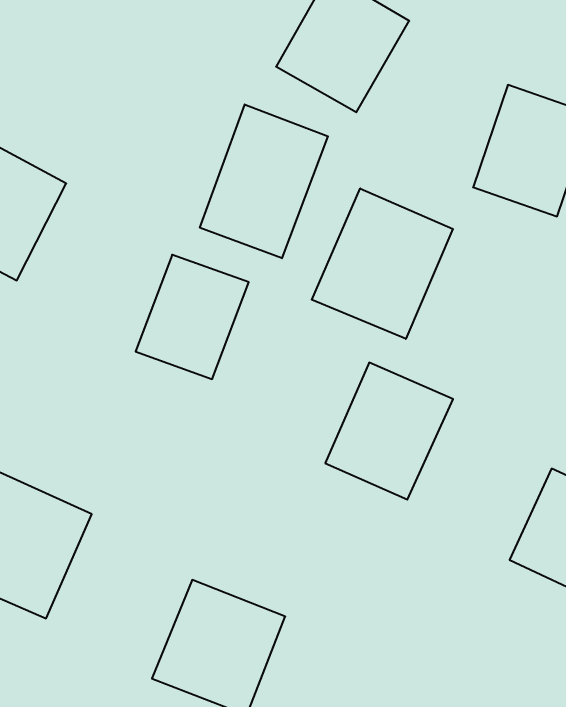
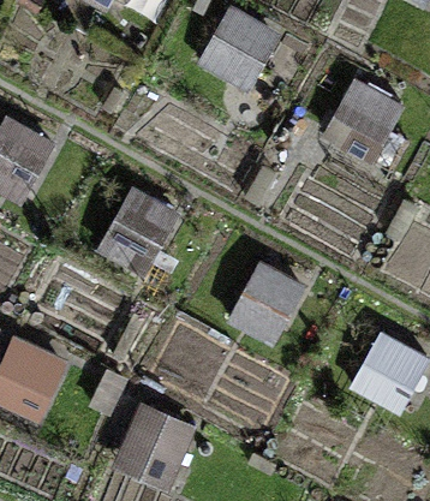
building: [200,104,328,258] -> none
building: [312,188,453,339] -> none

